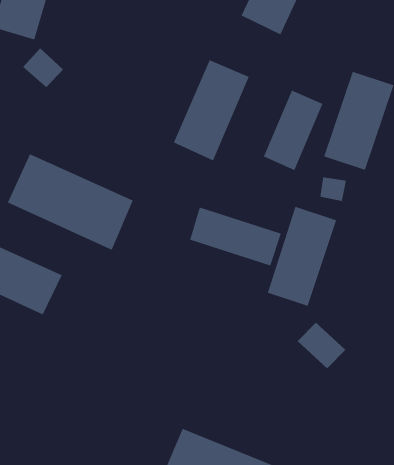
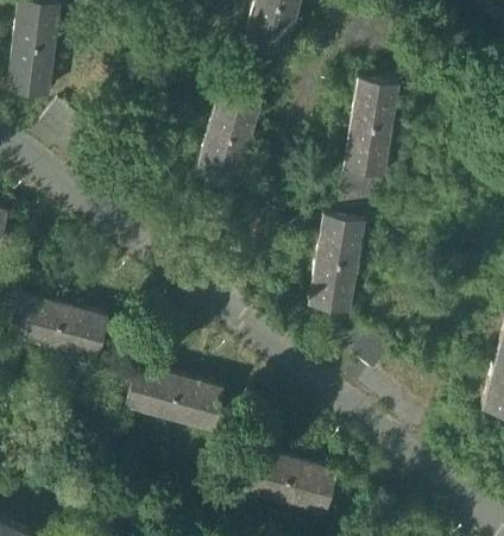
building: [263,89,324,171] -> none
building: [7,153,134,251] -> none
building: [189,206,282,266] -> none
building: none -> [121,366,226,431]

